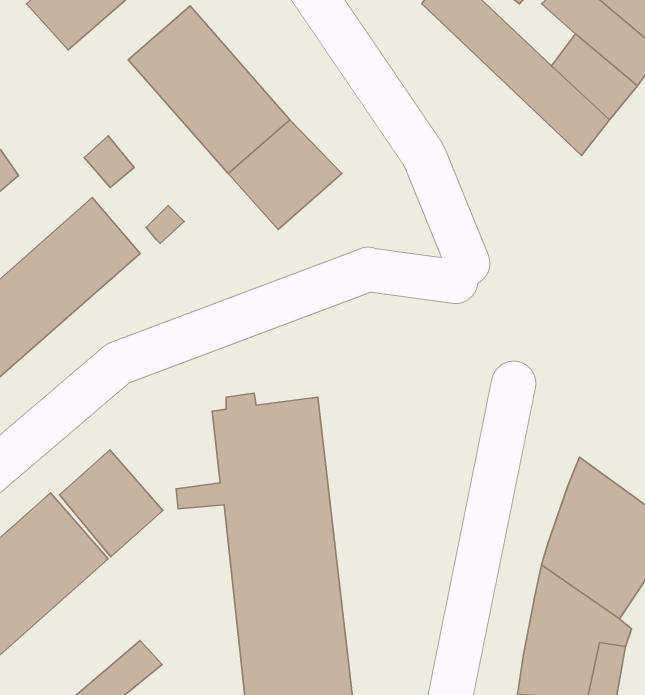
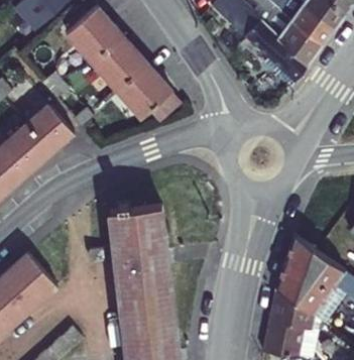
building: [60,450,163,557] -> none

